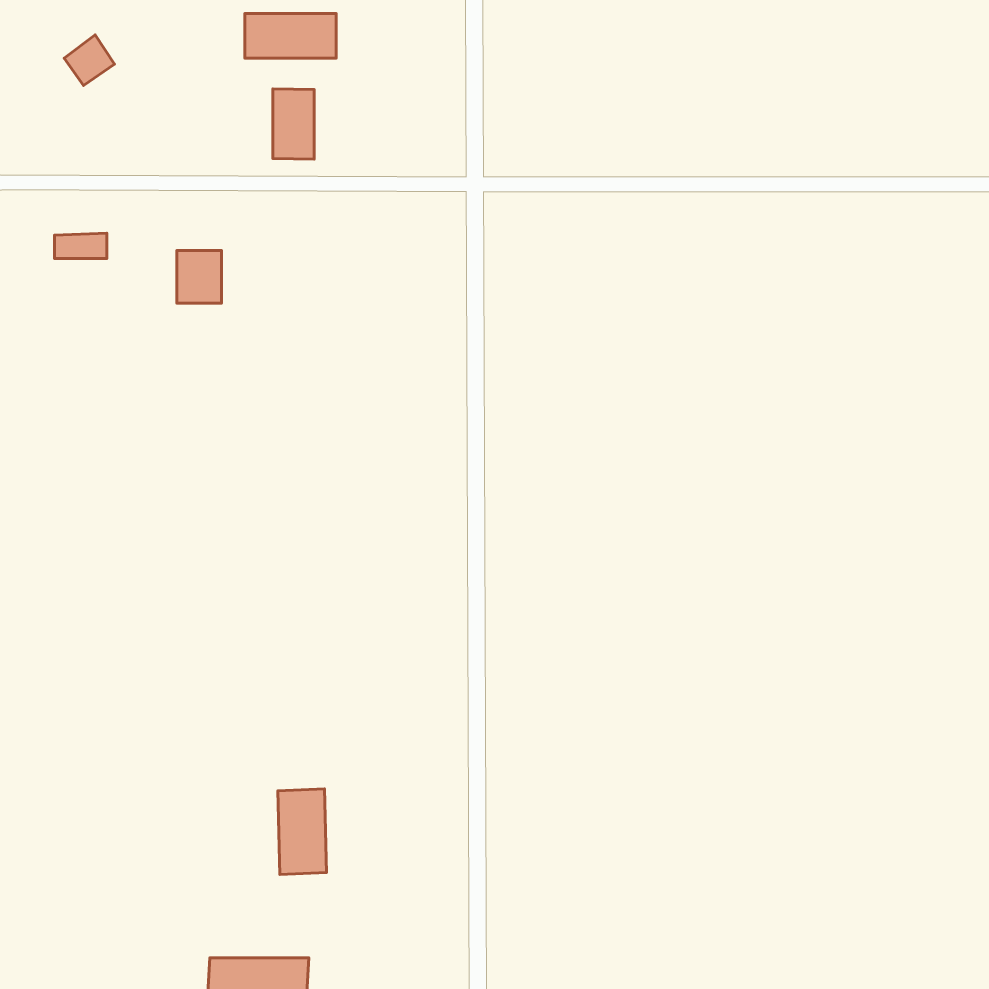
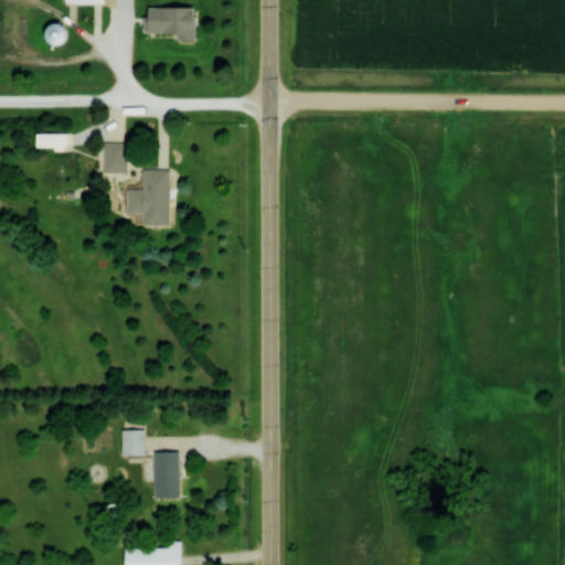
building: [273,89,314,159] -> none
building: none -> [126,171,170,227]
building: none -> [128,431,150,455]

